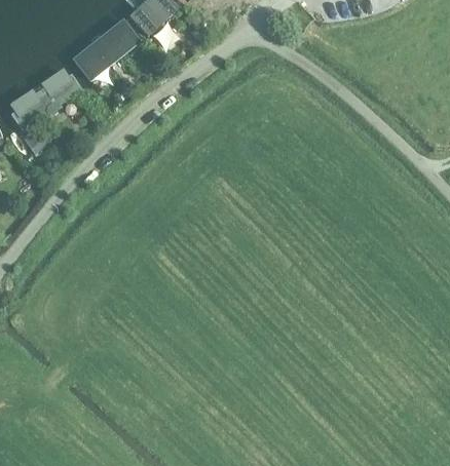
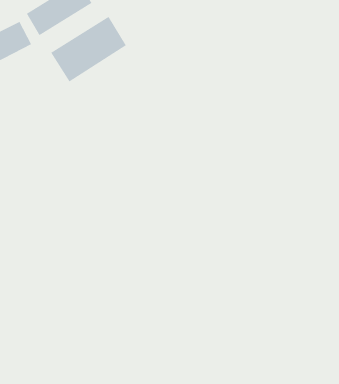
building: none -> [50,16,127,83]

